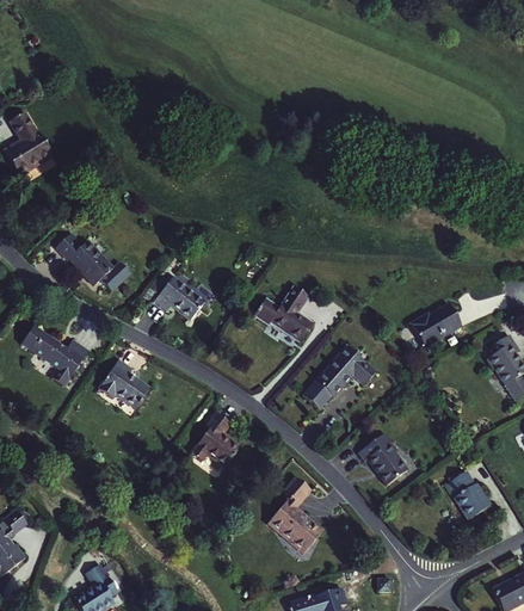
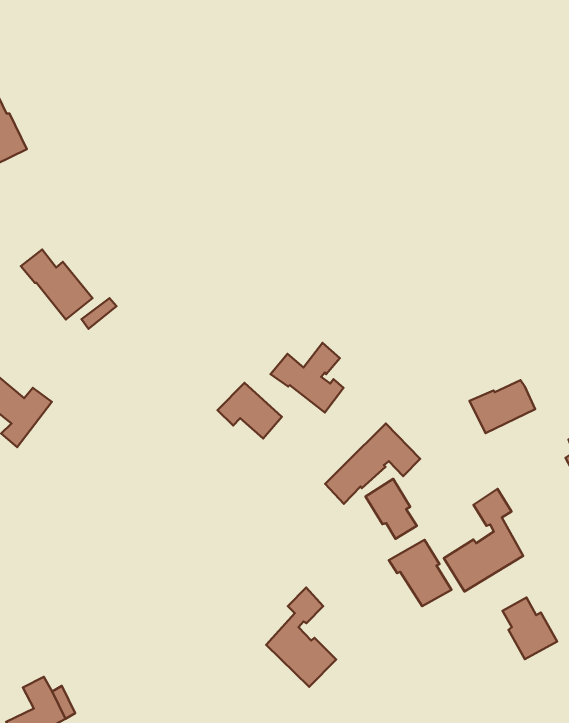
building: [153,278,203,320] -> [217,383,282,439]
building: [98,359,149,408] -> none
building: none -> [365,479,417,539]
building: none -> [444,489,523,592]
building: [190,412,240,468] -> none

